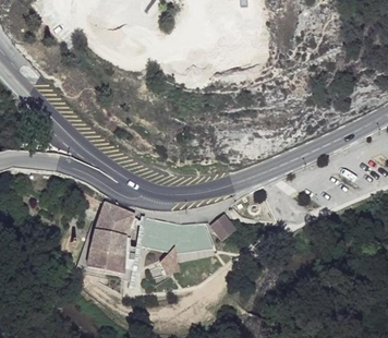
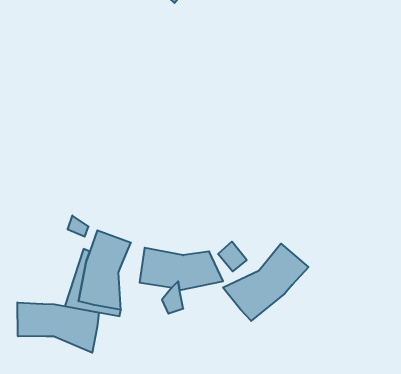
building: none -> [223,244,308,321]
building: none -> [17,302,99,353]

